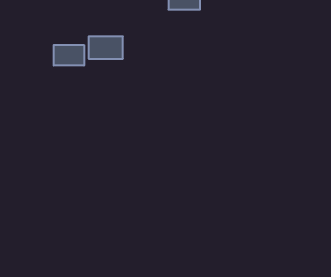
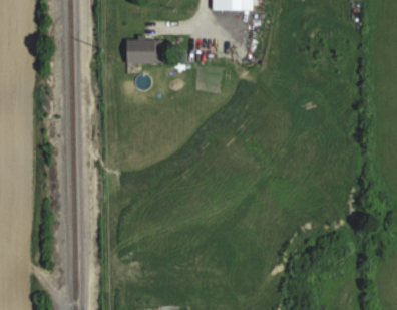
building: [54,45,84,66] -> none

